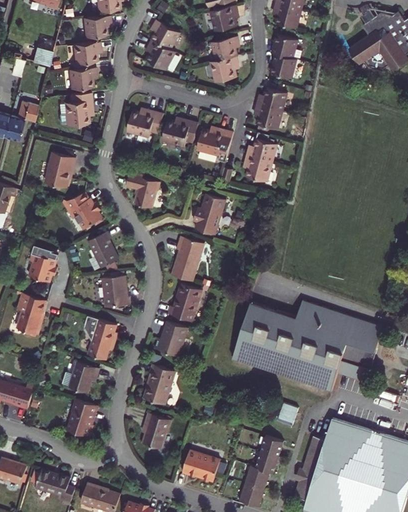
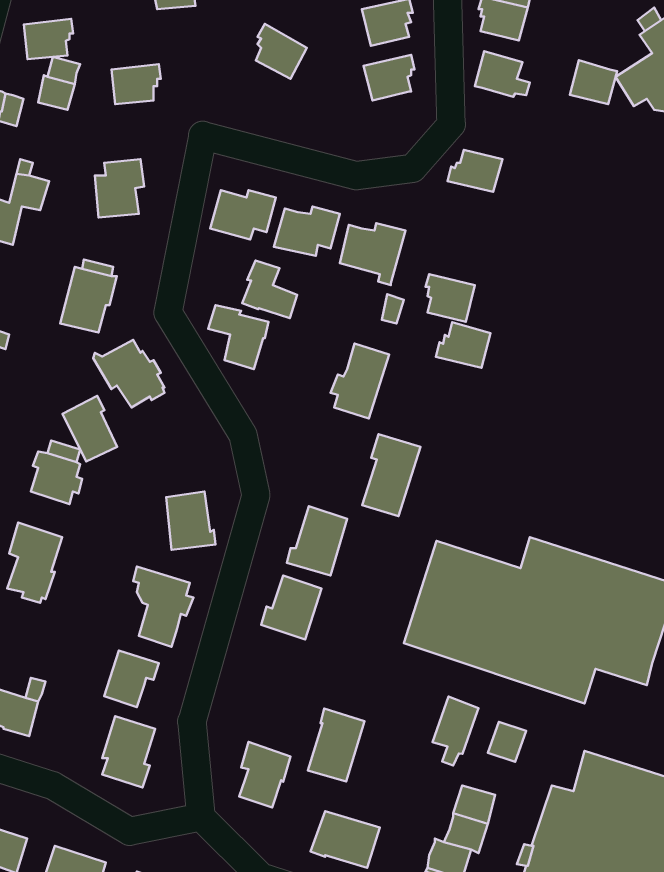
building: [82,15,109,37] -> [24,19,73,59]
building: [146,39,174,70] -> none
building: [270,54,296,78] -> [570,60,617,104]
building: [210,56,237,82] -> none
building: [67,67,94,89] -> none
building: [254,105,281,129] -> none
building: [246,137,276,162] -> [436,322,491,368]
building: none -> [242,261,297,318]
building: [87,231,117,267] -> [62,396,117,461]
building: [171,236,203,281] -> [362,434,421,516]
building: [143,364,174,404] -> [308,708,364,781]
building: none -> [433,697,479,766]

